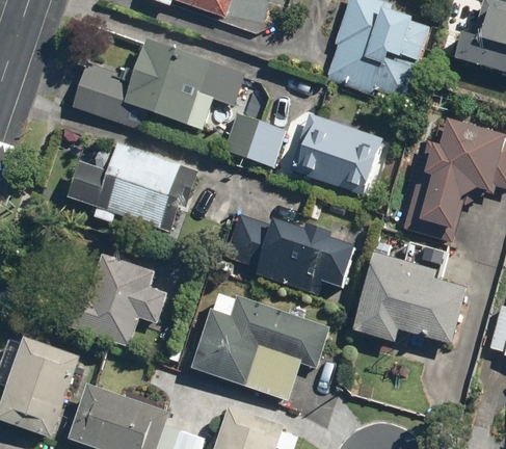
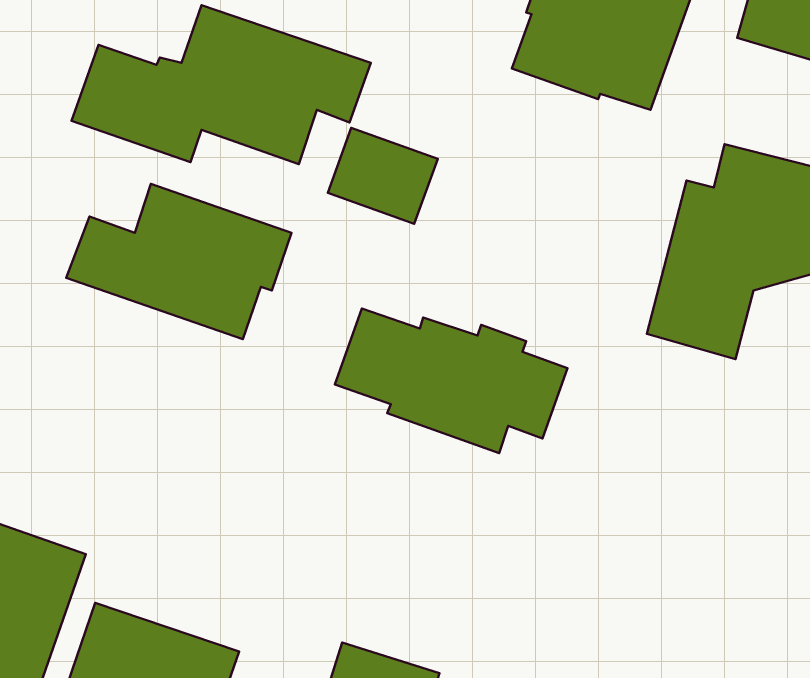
building: [287,112,379,196] -> none
building: [353,253,468,344] -> none
building: [62,254,164,346] -> none
building: [189,292,329,401] -> none

